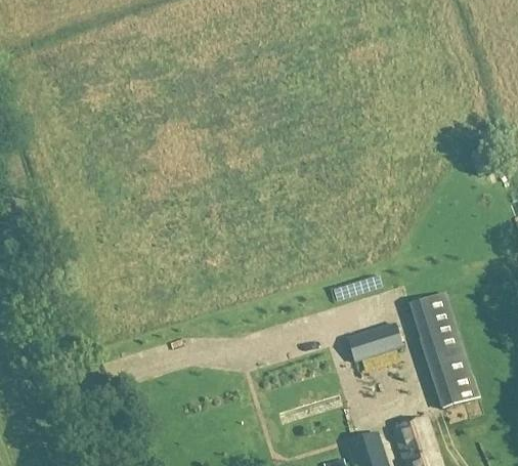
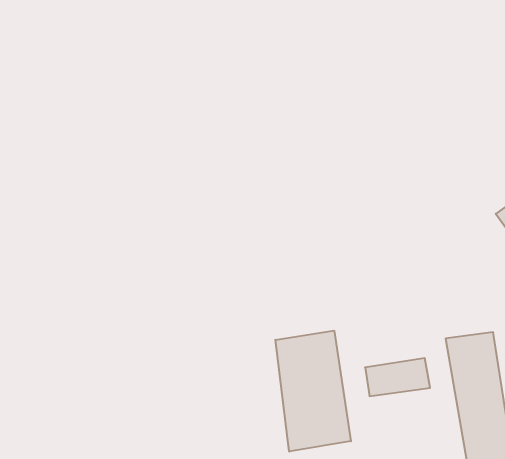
building: none -> [275,331,351,452]

